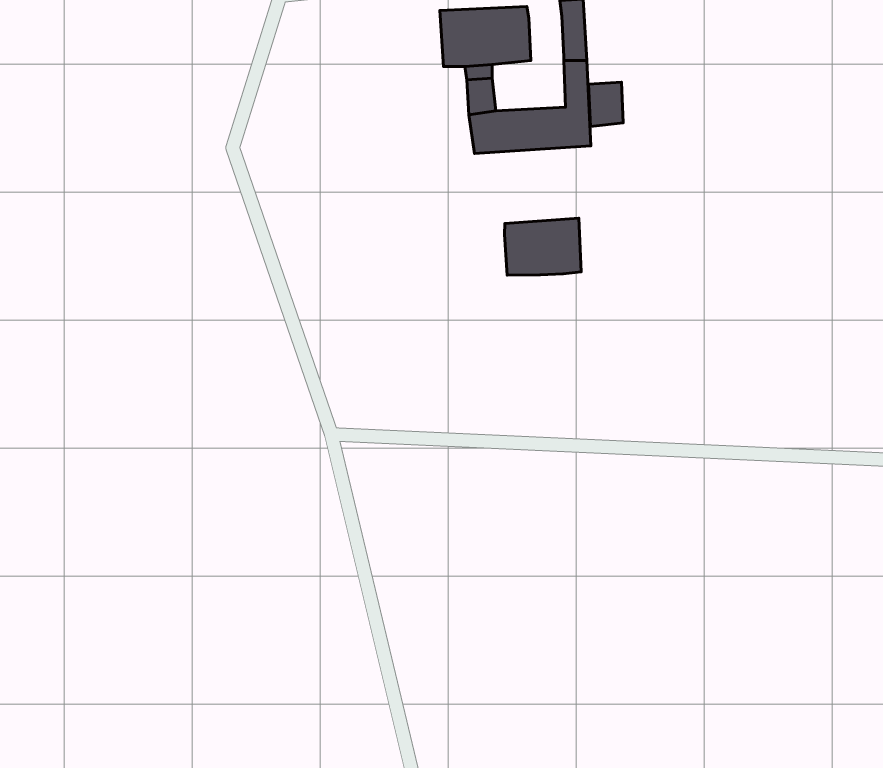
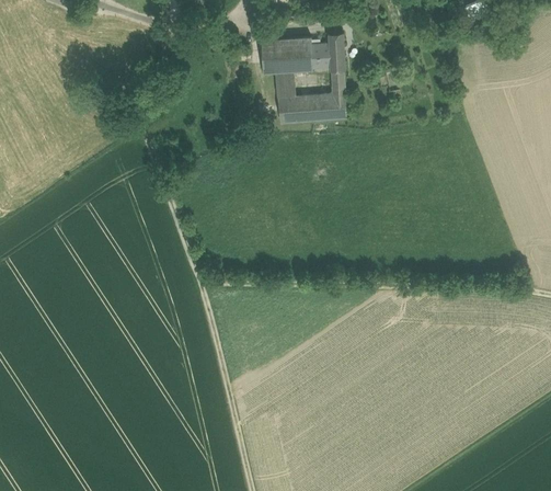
building: [588,82,623,127] -> [311,43,331,68]
building: [504,218,581,275] -> none

